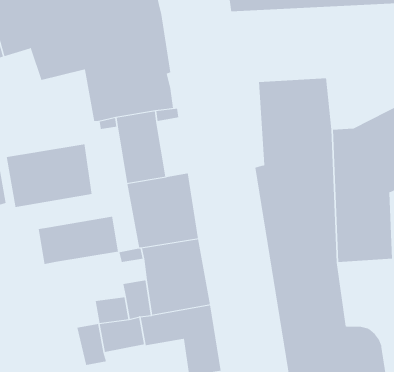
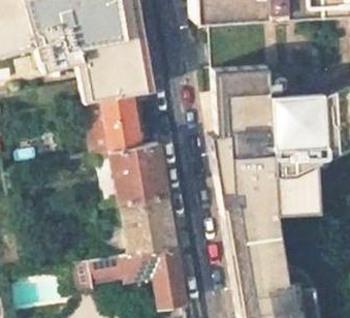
building: [6,144,92,208] -> none
building: [38,216,119,265] -> none

